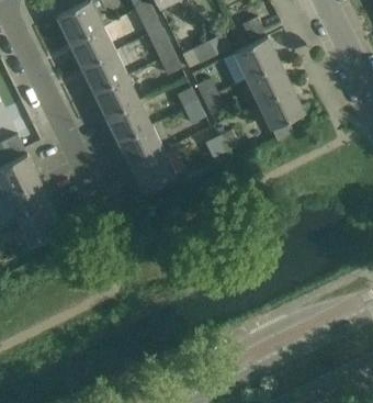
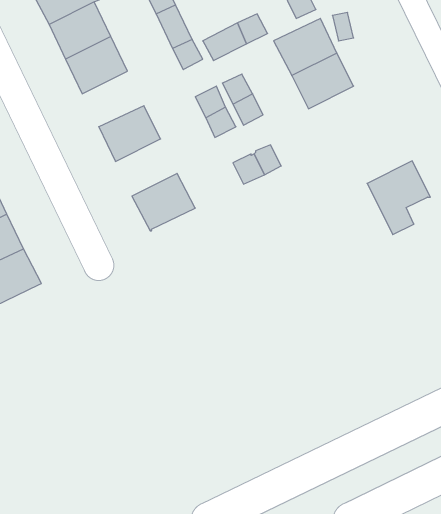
building: [94,76,139,116] -> none
building: [259,87,305,141] -> [367,161,430,235]
building: [118,125,163,167] -> none

